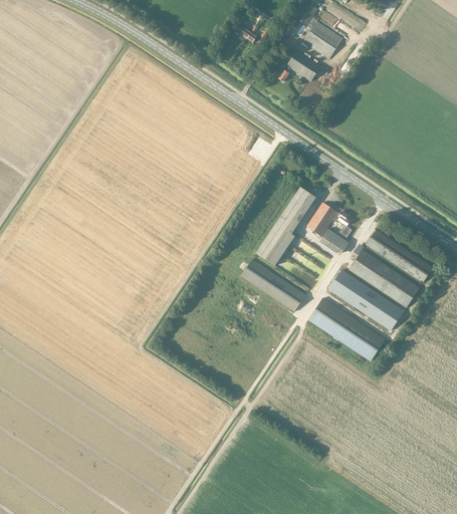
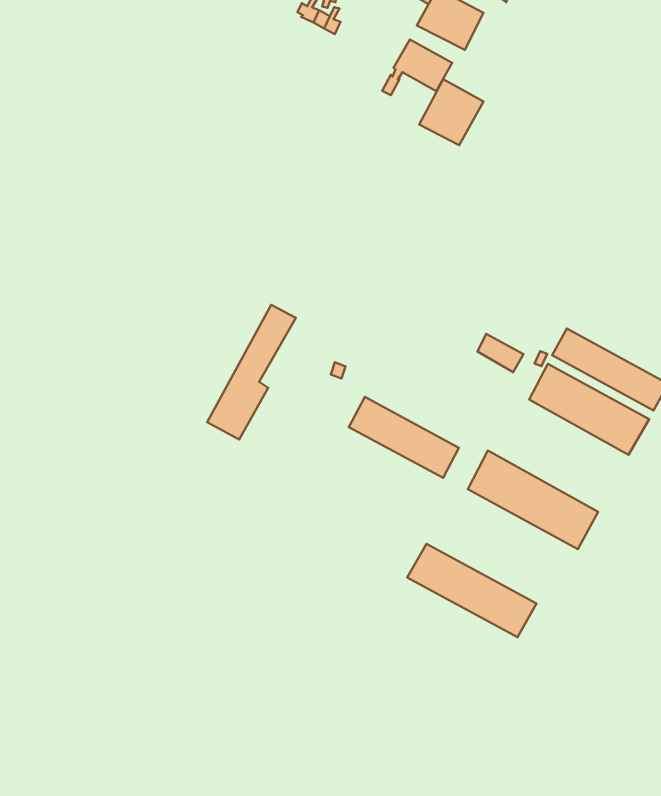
building: none -> [419,79,483,145]
building: [256,188,314,266] -> [207,305,296,440]
building: [306,203,353,238] -> none
building: [328,271,404,331] -> [407,544,536,637]

